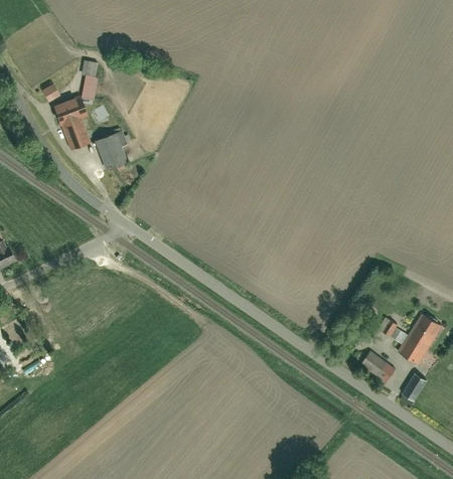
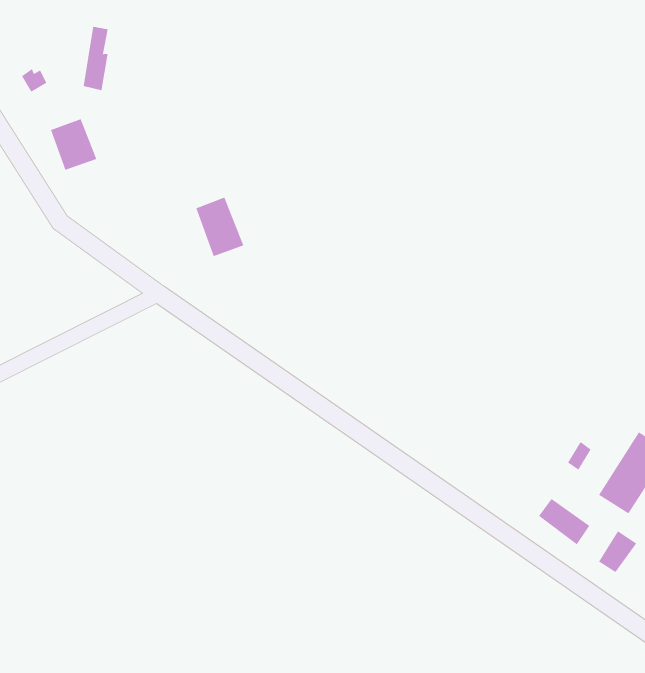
building: [52,99,81,125] -> none
building: [96,134,126,171] -> [195,197,244,257]

